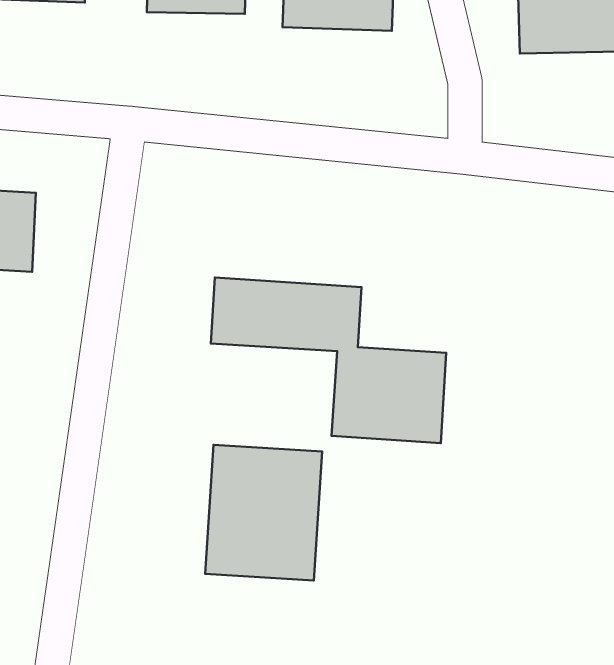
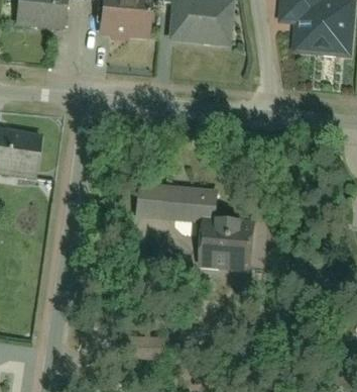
building: [205,445,322,580] -> none

